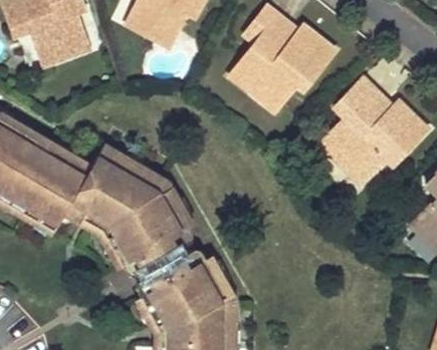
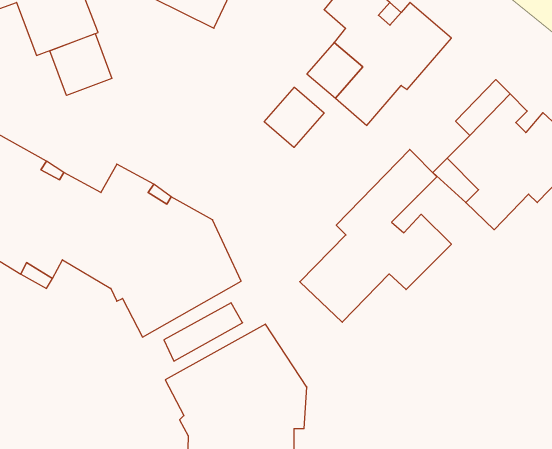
building: none -> [50,34,112,95]
building: none -> [264,87,324,147]
building: none -> [300,149,451,322]

